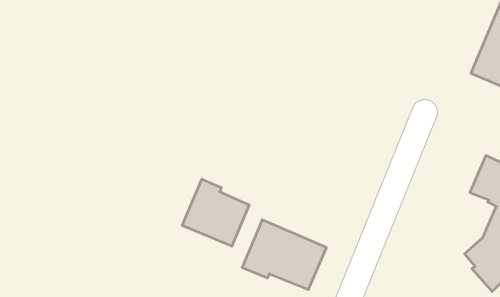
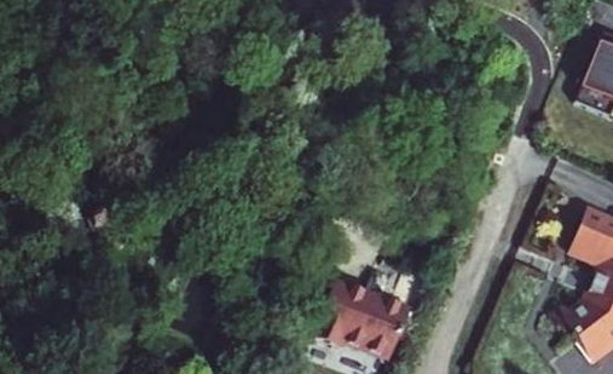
building: [182,179,249,246] -> none

